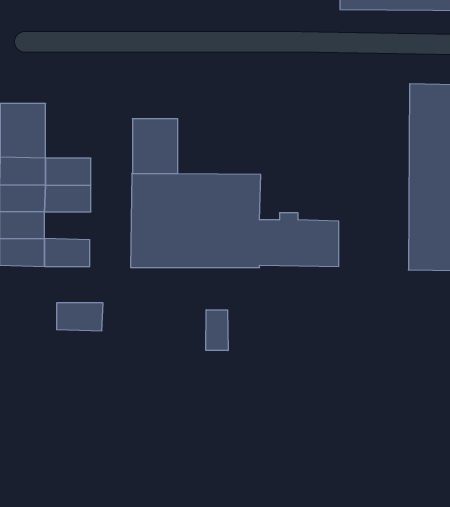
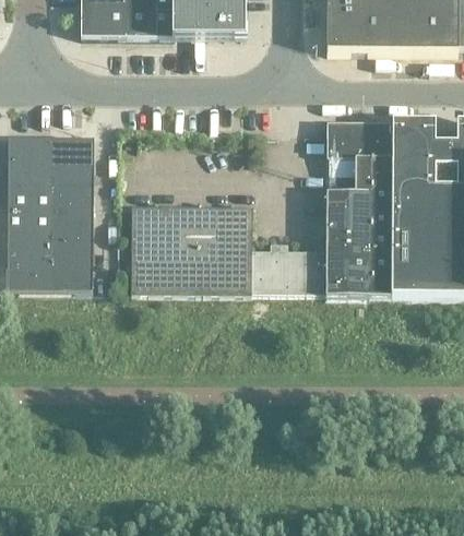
building: none -> [325,120,392,295]
building: [132,119,178,173] -> [50,139,93,190]
building: [57,303,103,331] -> [49,240,93,266]
building: [206,310,228,351] -> none

